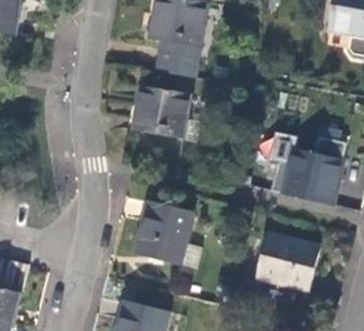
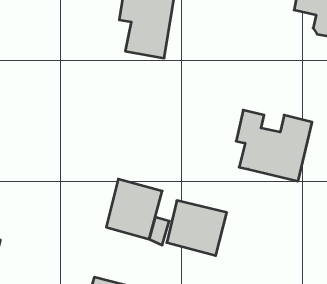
building: [132,86,199,142] -> none
building: [258,235,319,291] -> [167,201,227,256]

